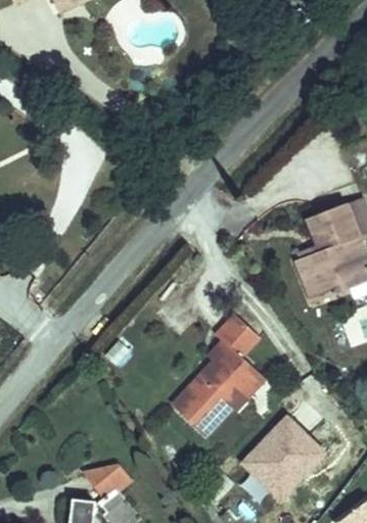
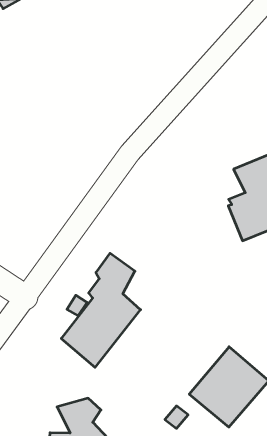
building: [172,311,264,438] -> [61,253,141,367]

